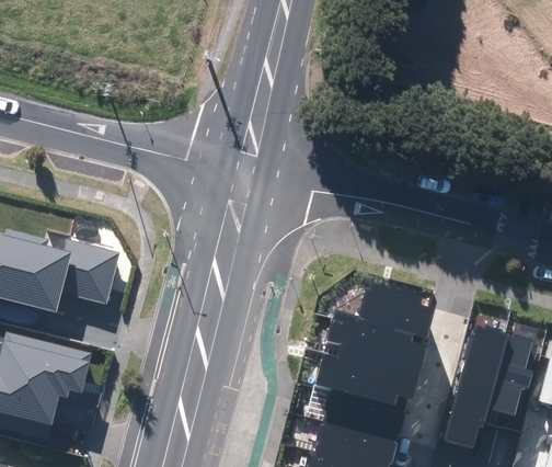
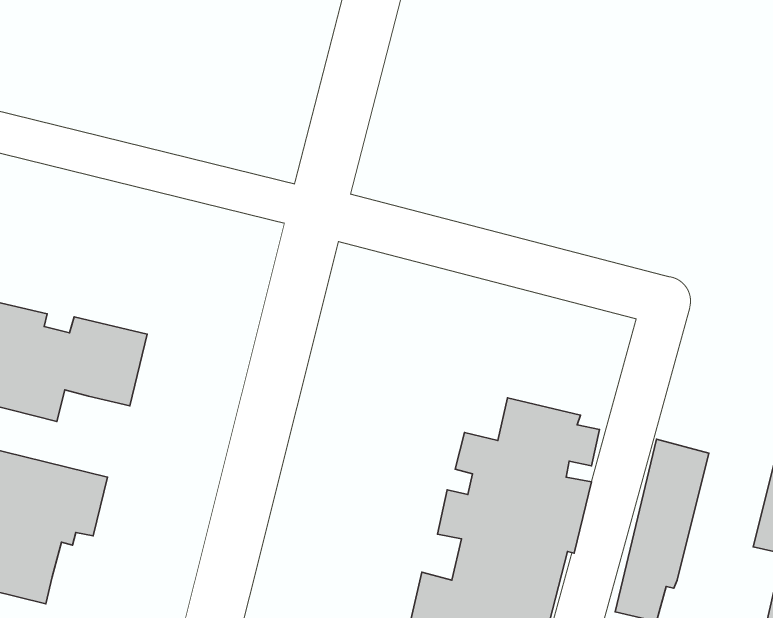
building: [485,334,539,422] -> none

